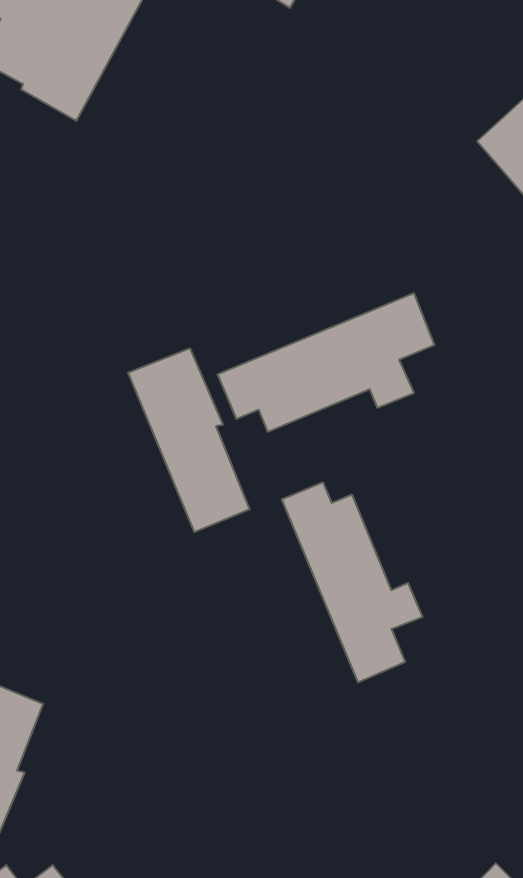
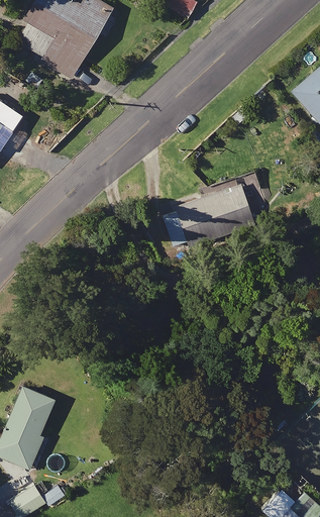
building: [128,348,249,532] -> none
building: [282,482,423,683] -> none

